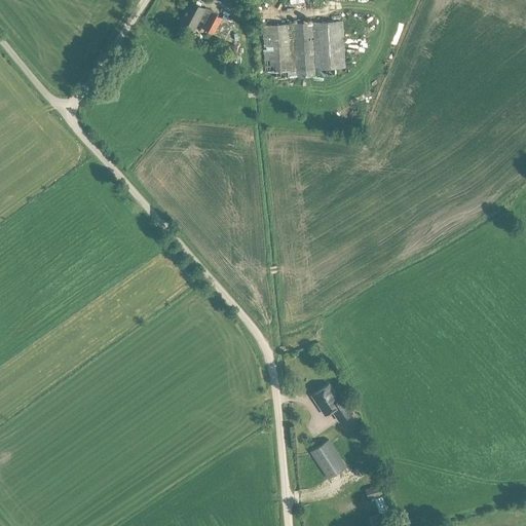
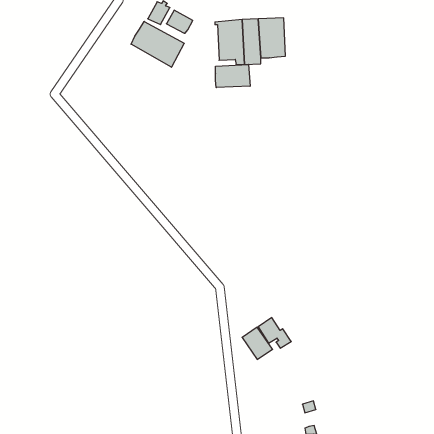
building: none -> [131,21,184,67]
building: none -> [215,64,250,88]
building: [310,440,347,479] -> [242,327,273,359]

